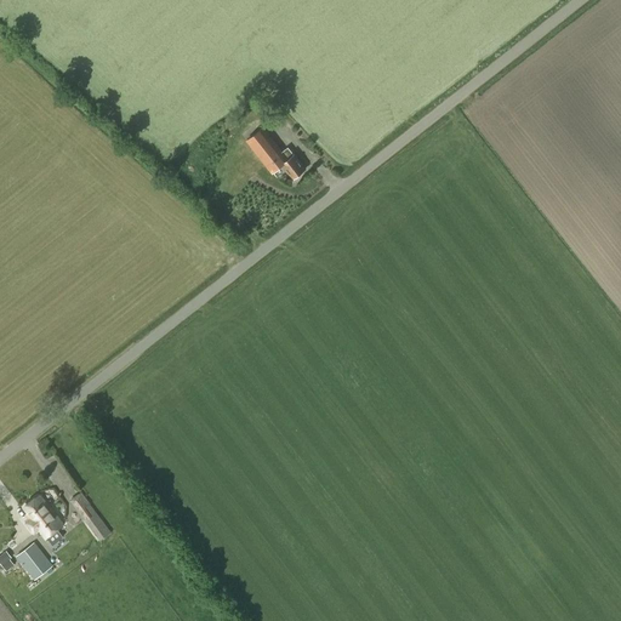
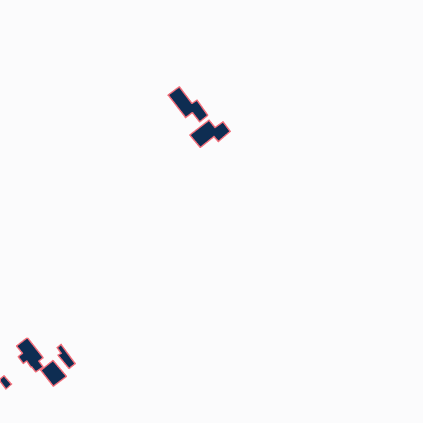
building: none -> [190,120,230,147]
building: [16,542,53,580] -> [41,361,66,386]

